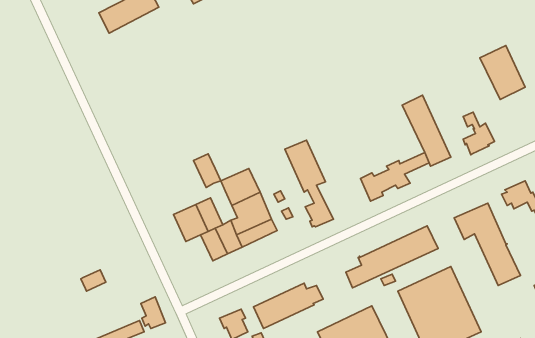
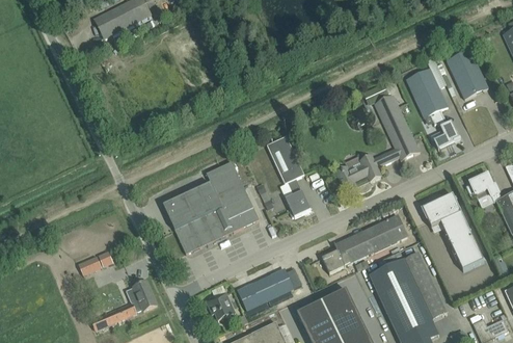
building: none -> [406,67,448,116]
building: [194,154,221,188] -> [197,182,222,213]
building: none -> [174,222,199,253]

